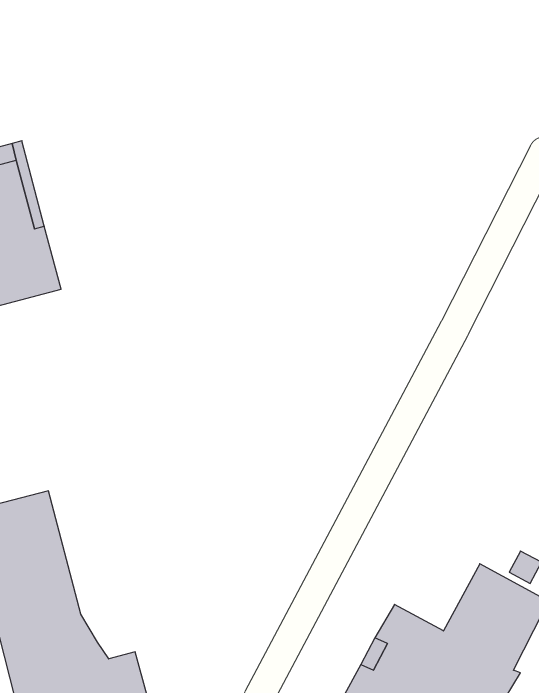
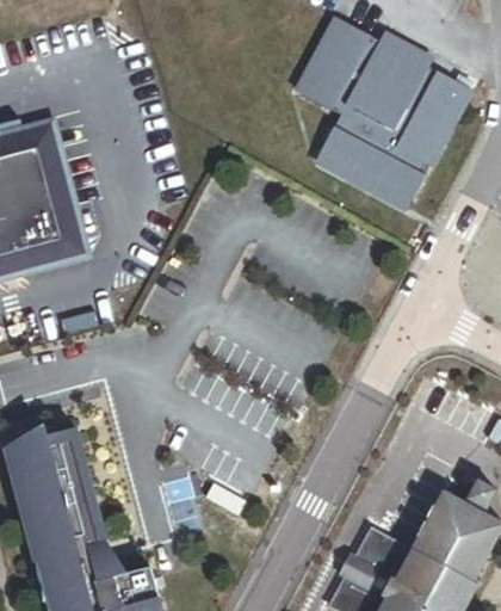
building: none -> [292,18,456,209]

